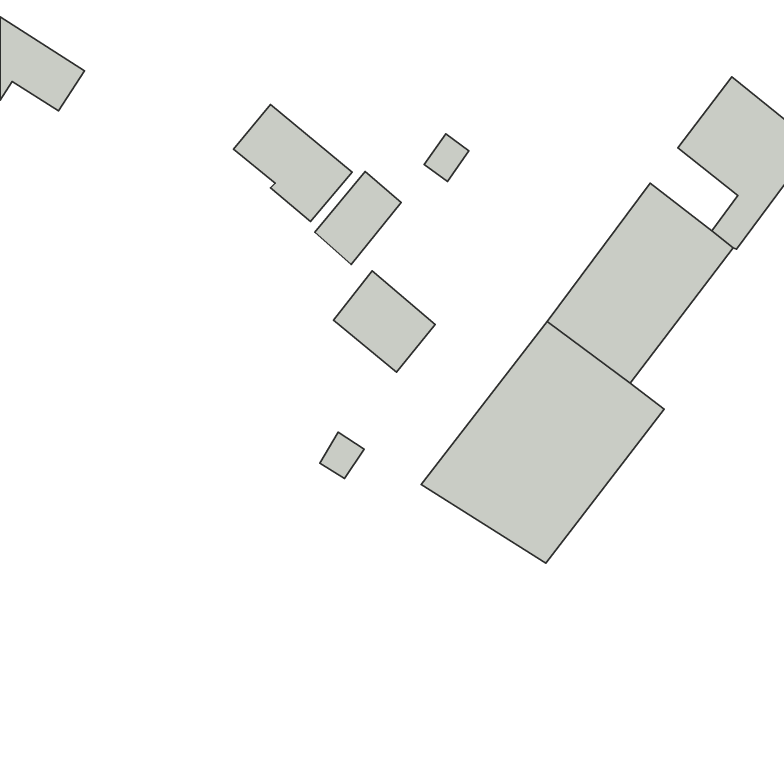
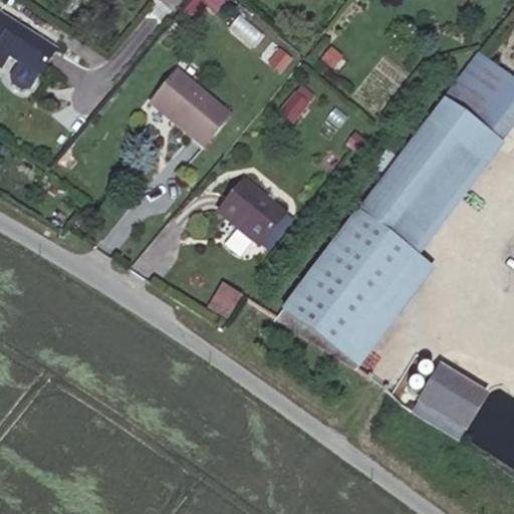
building: none -> [426,96,483,151]
building: [315,171,401,264] -> none
building: none -> [420,365,486,427]

